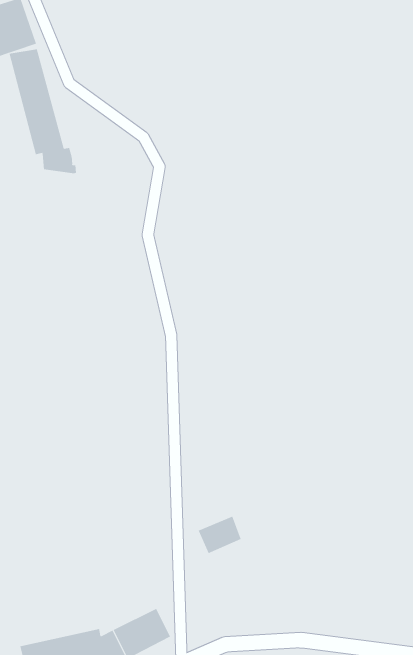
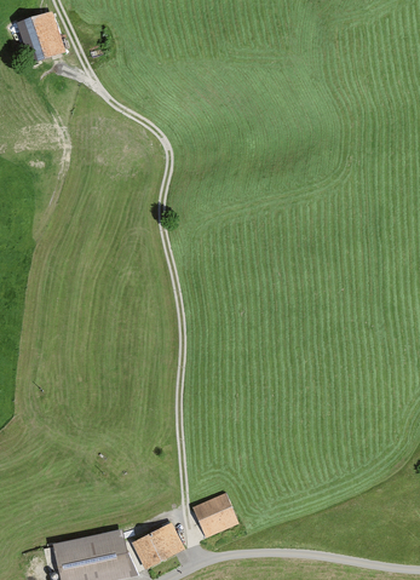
building: [9,49,76,174] -> none
building: [198,516,242,554] -> [194,495,230,527]

